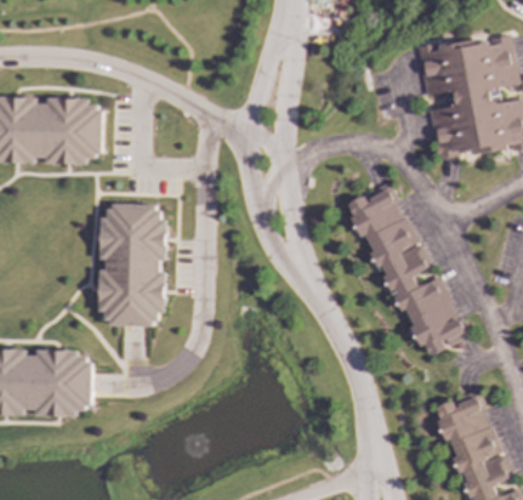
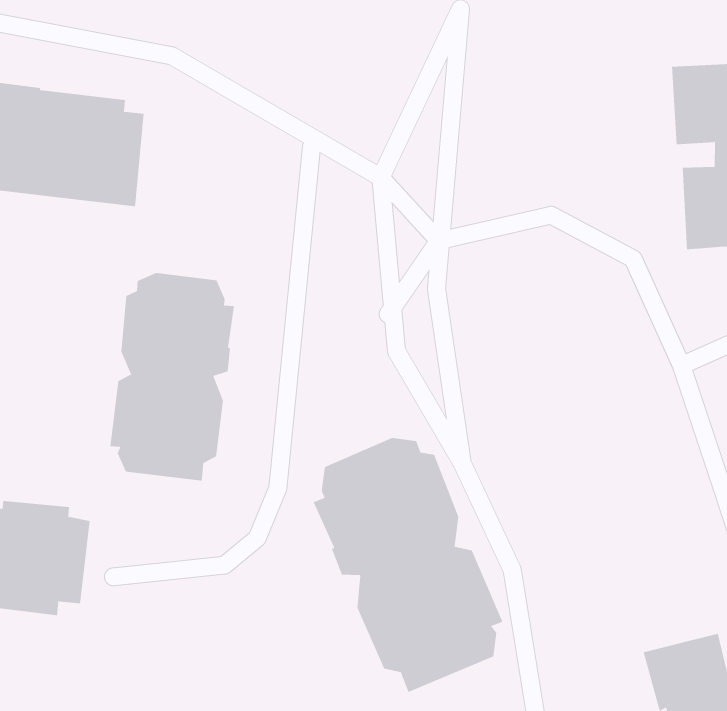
building: [346,182,467,356] -> none
building: none -> [313,437,503,693]

